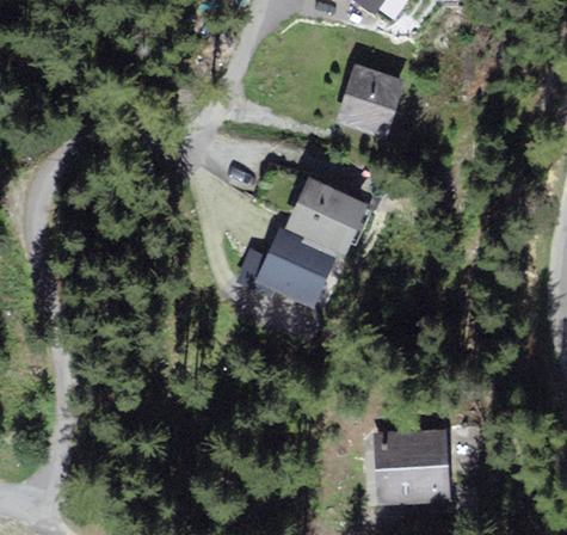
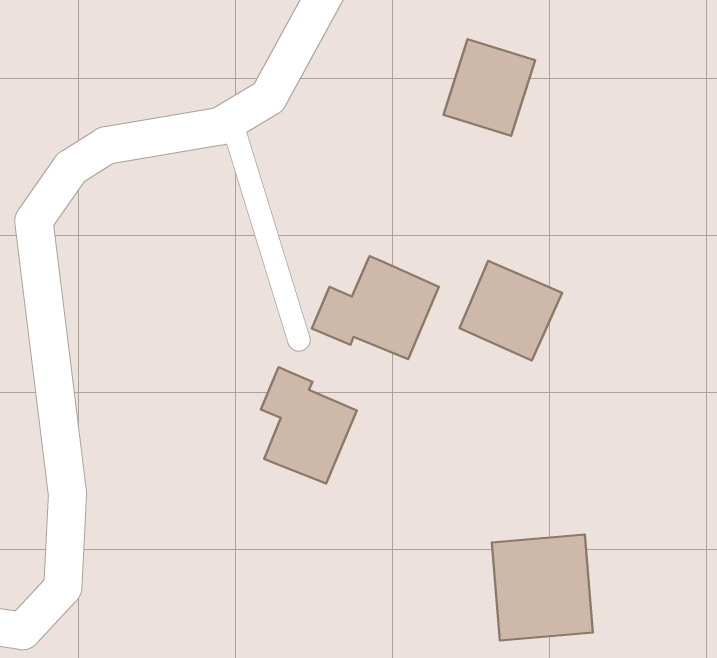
building: [290,178,366,252] -> [459,261,562,360]
building: none -> [261,367,357,484]

